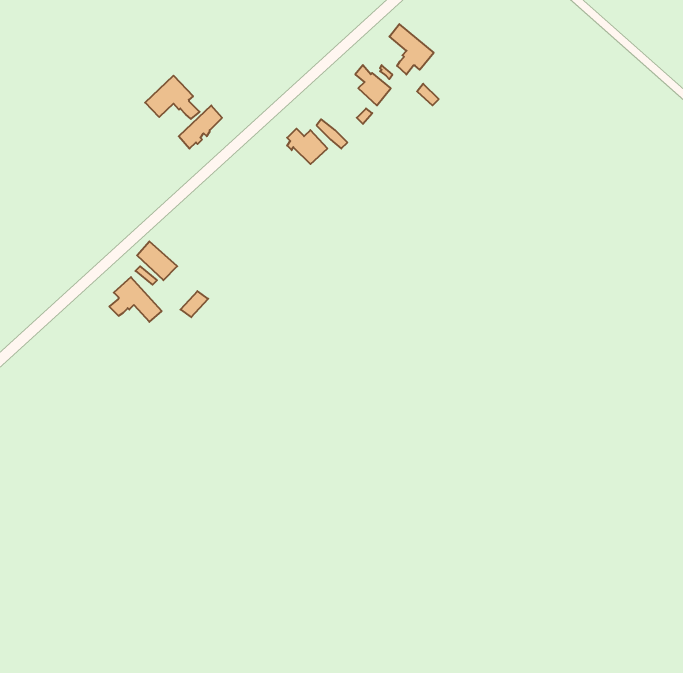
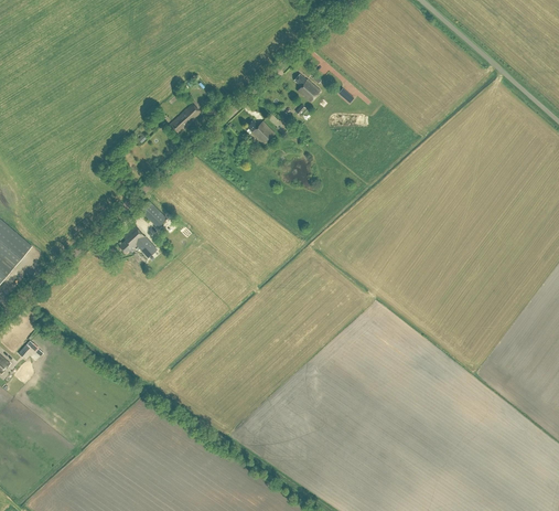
building: [389,24,434,75] -> none
building: [145,76,200,119] -> none

